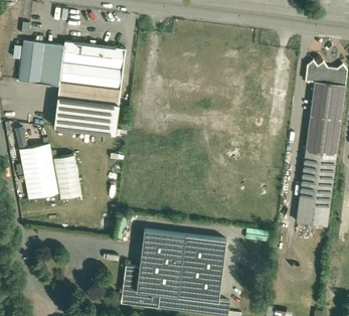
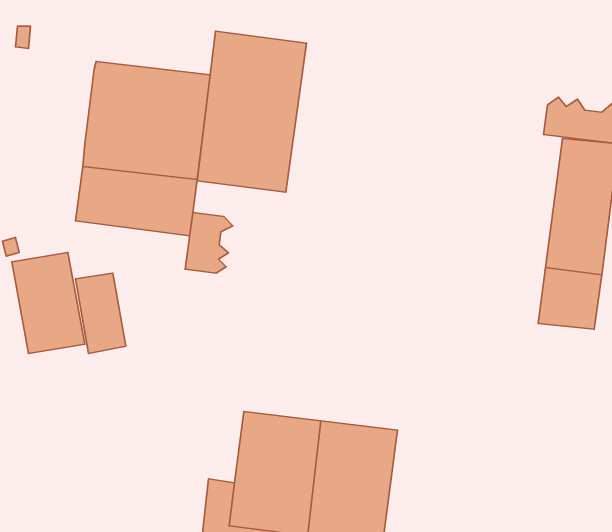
building: none -> [197,31,307,192]
building: [18,39,63,85] -> none
building: none -> [185,212,233,273]
building: [297,181,332,225] -> none

